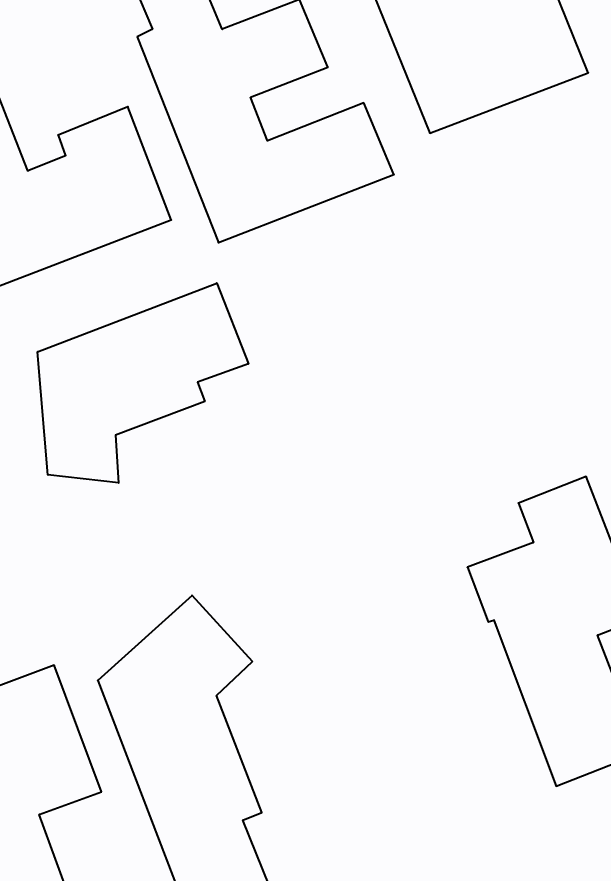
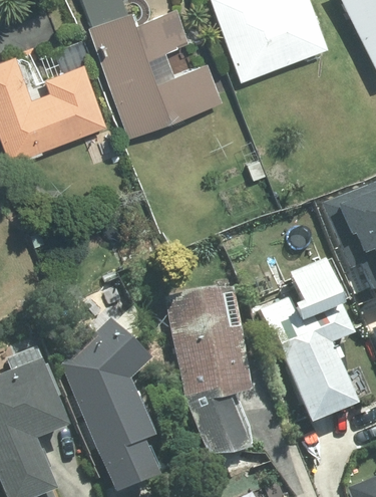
building: [38,283,248,483] -> none
building: none -> [167,285,255,459]

